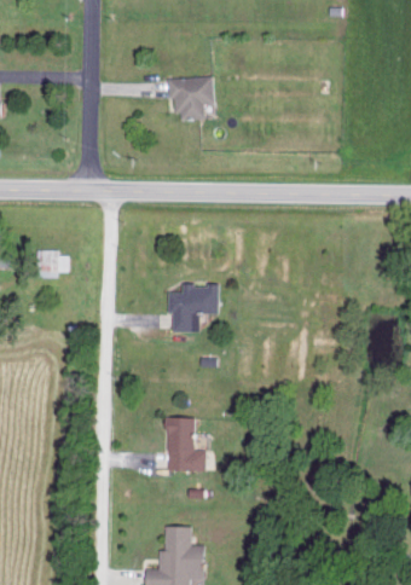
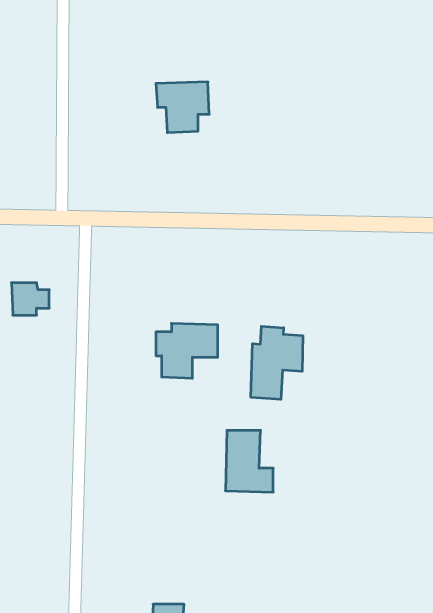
building: none -> [251,326,303,399]
building: [163,418,204,471] -> [225,430,273,492]

